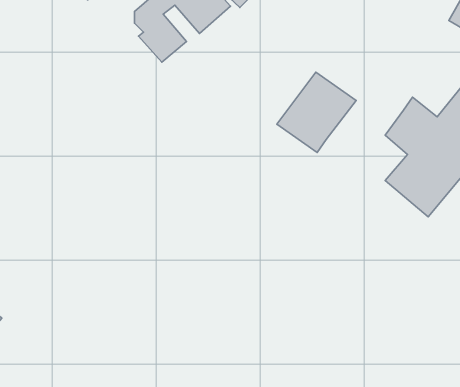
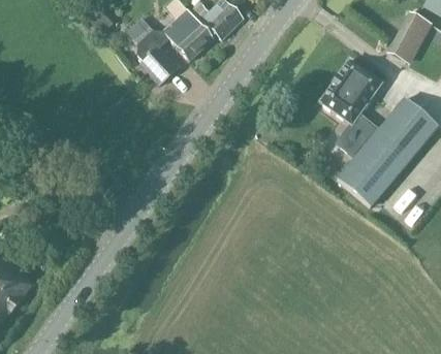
building: [277,72,356,153] -> [320,57,383,121]

